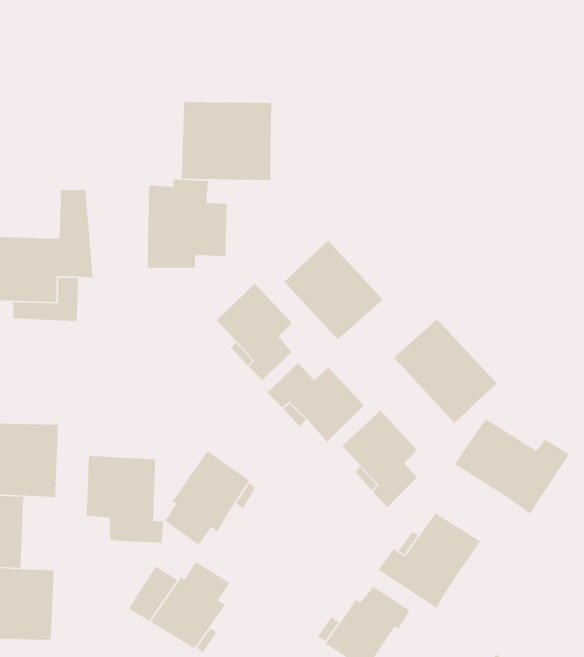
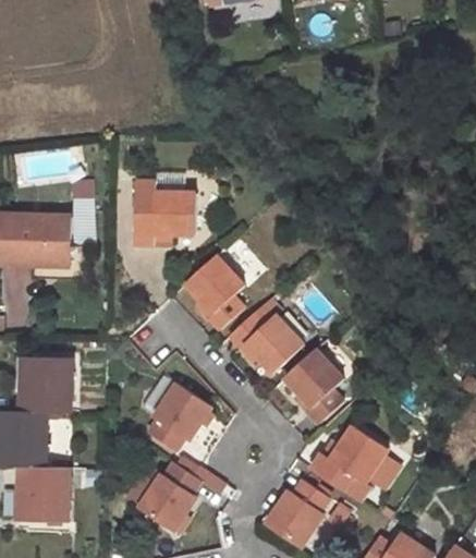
building: [181,101,272,181] -> none
building: [284,240,383,340] -> none
building: [393,319,497,424] -> none
building: [454,418,570,515] -> none
building: [86,455,164,543] -> none

